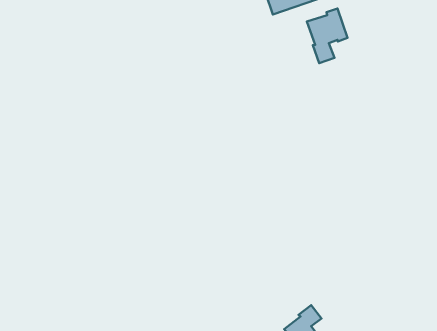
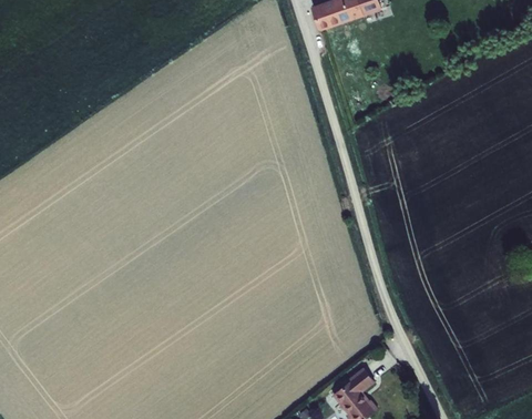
building: [307,8,348,63] -> none

